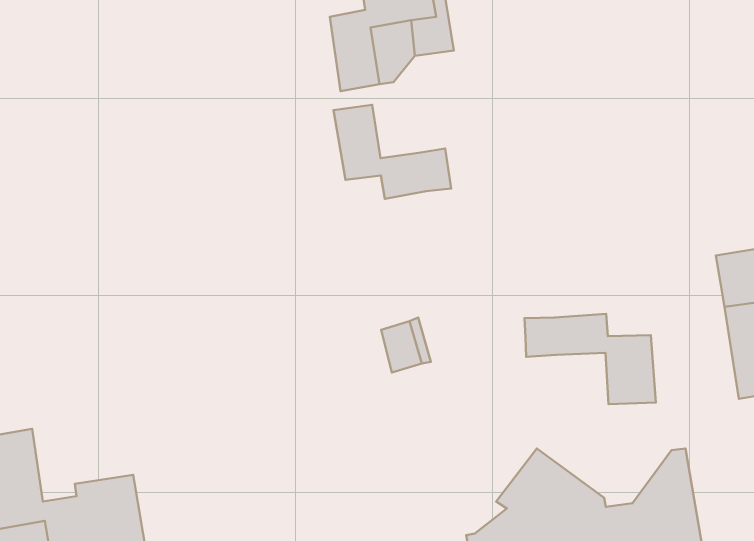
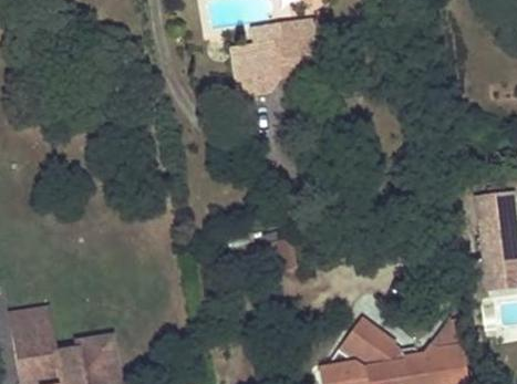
building: [334,105,451,199] -> none
building: [525,314,656,404] -> none

